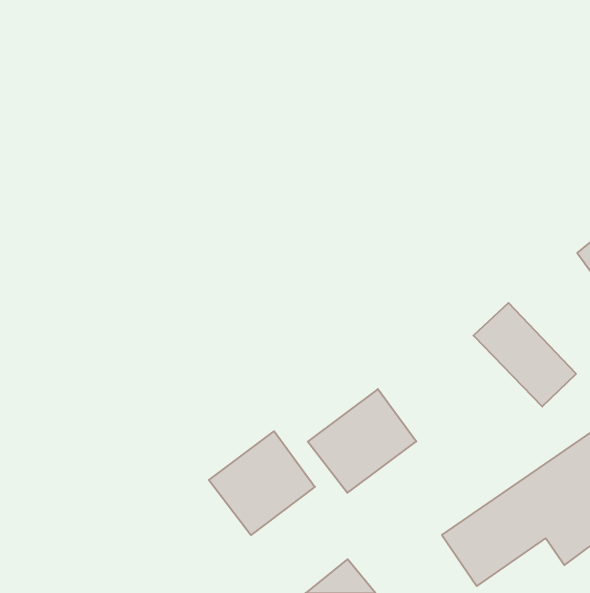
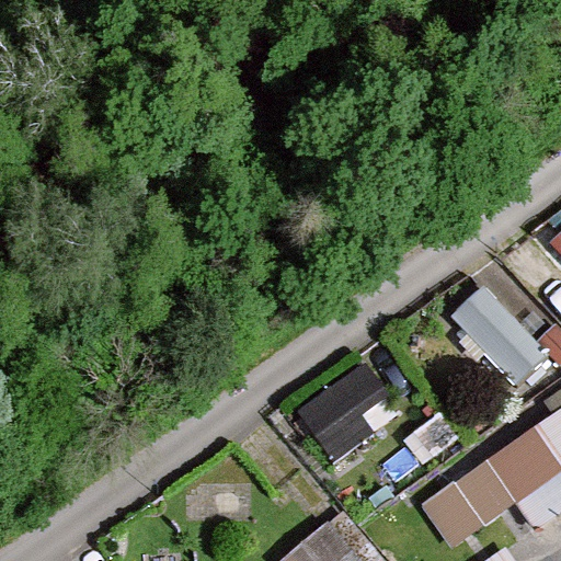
building: [209,431,315,535] -> none

